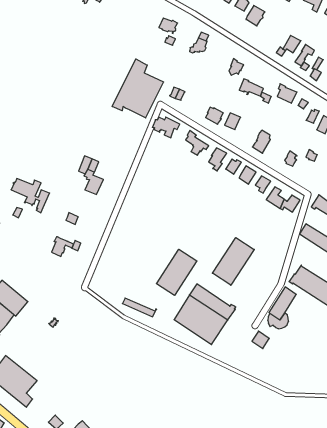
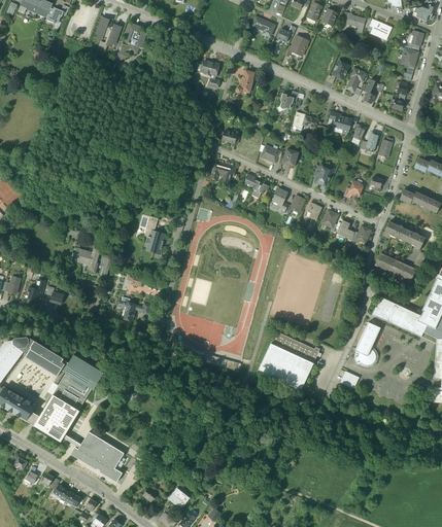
building: [112,59,164,118] -> none
building: [212,238,254,285] -> none
building: [156,249,197,295] -> none

